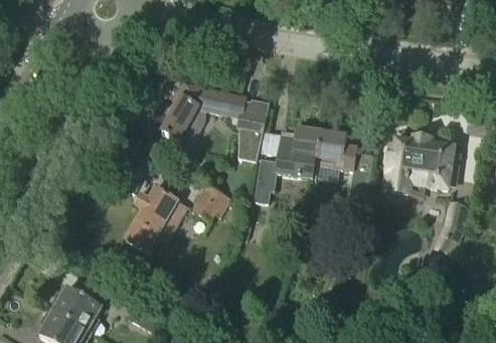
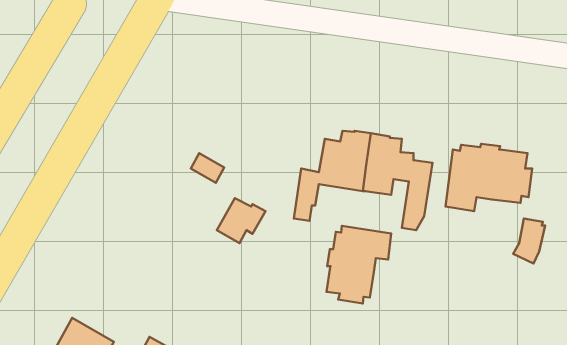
building: [162,84,269,161] -> none
building: [127,186,188,252] -> none
building: none -> [326,226,391,303]

